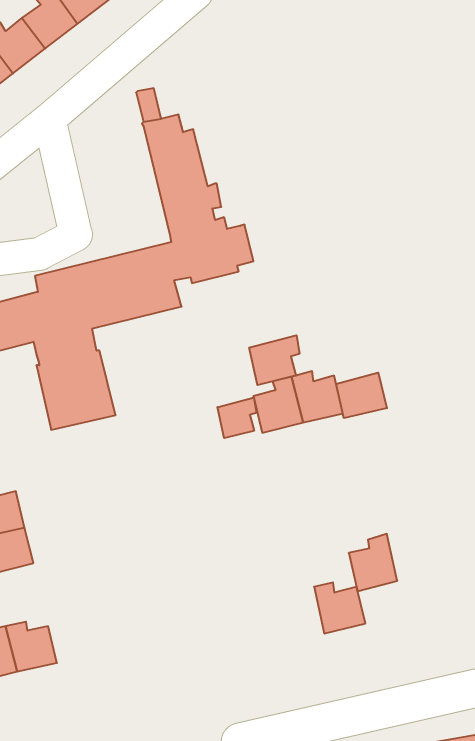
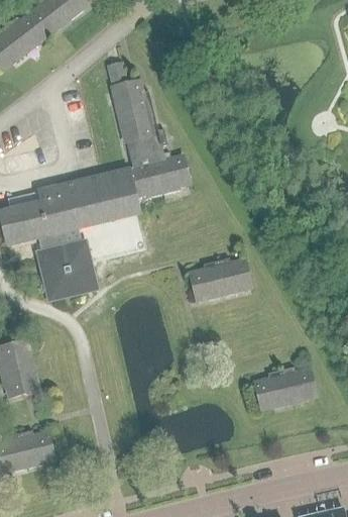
building: [249,335,300,385] -> none
building: [336,373,387,418] -> none
building: [217,397,256,438] -> none
building: [314,582,365,634] -> [281,367,317,402]

